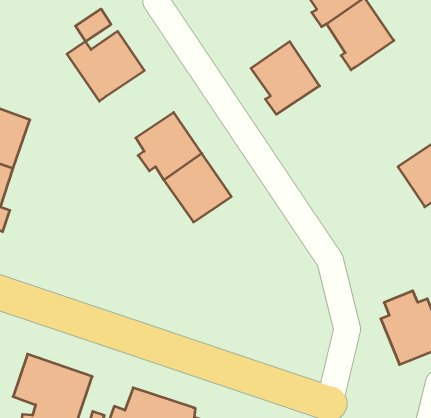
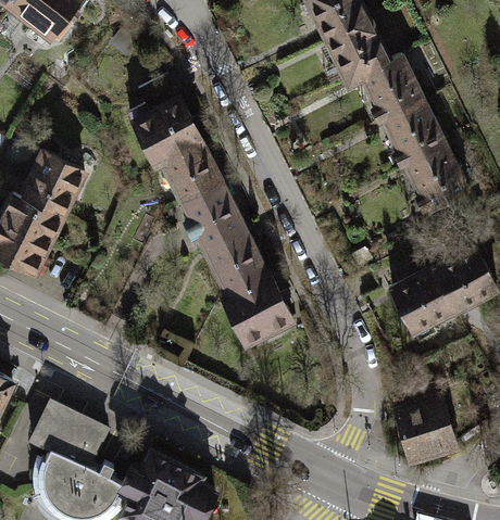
building: [251,42,320,114] -> [405,147,470,215]
building: none -> [161,142,224,206]
building: none -> [391,269,454,345]
building: none -> [223,275,292,345]

